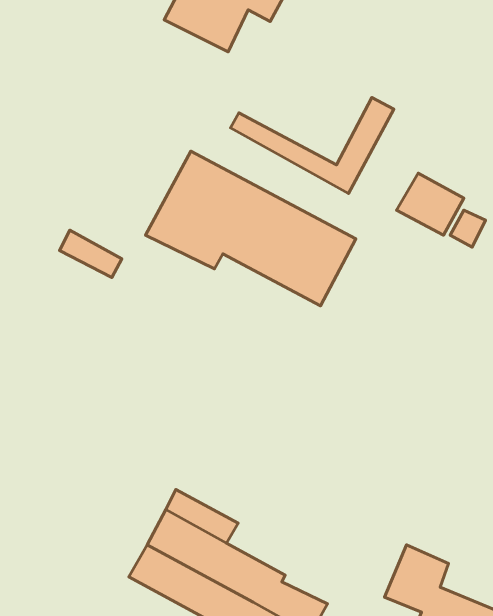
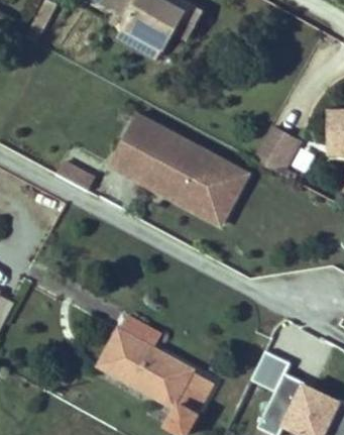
building: [231,98,394,193] -> [150,167,248,224]

